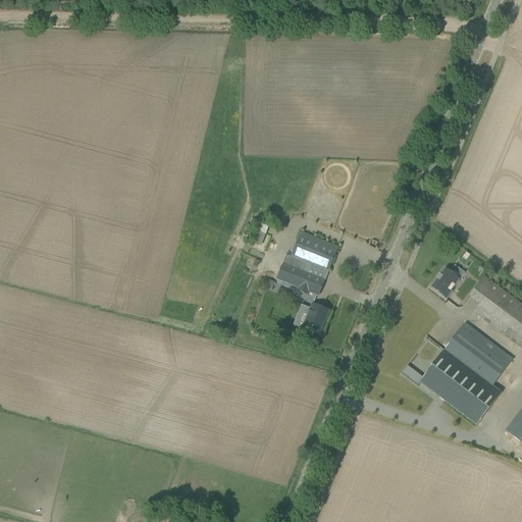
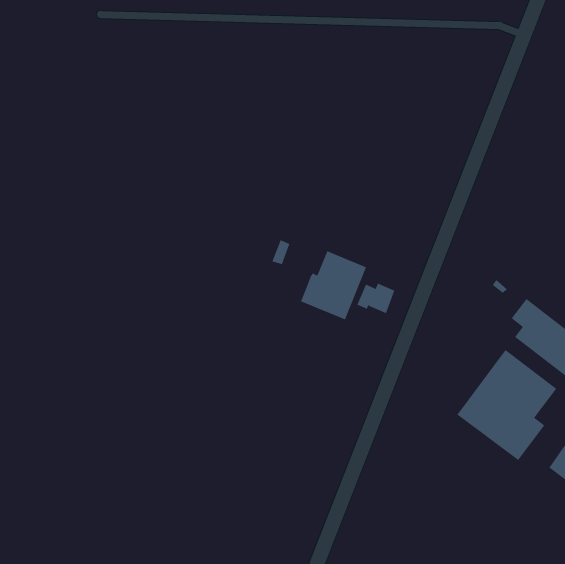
building: [431,267,459,297] -> none
building: [294,303,329,331] -> [356,283,395,314]

